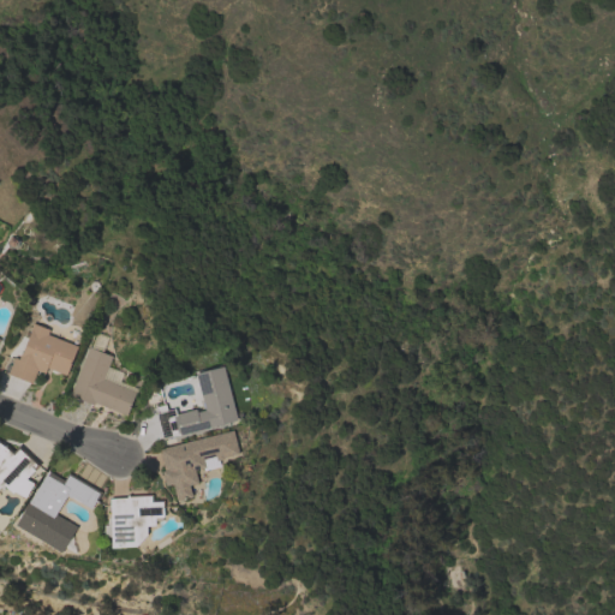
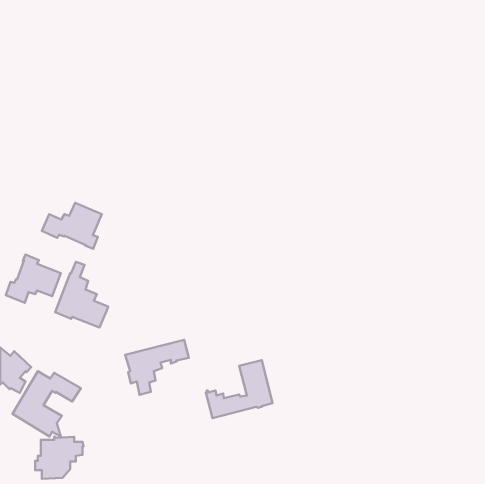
building: none -> [42,203,102,249]
building: [154,366,238,440] -> [206,360,272,418]
building: [103,495,165,548] -> [35,437,84,479]

